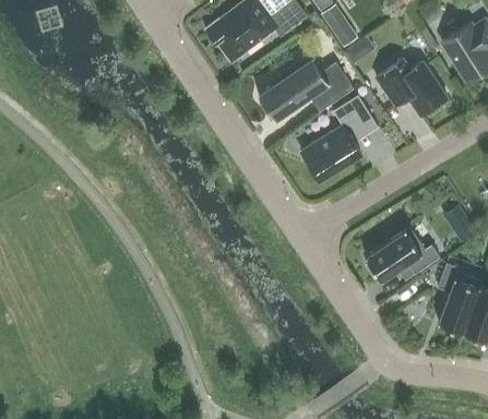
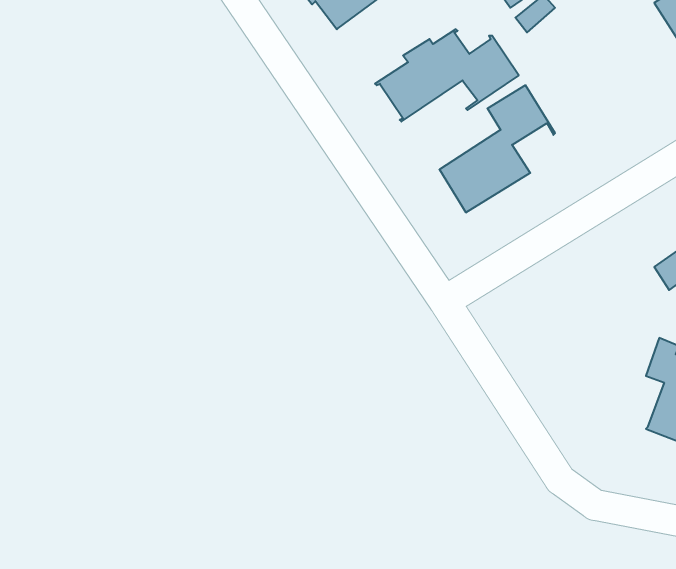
building: [377,59,447,115] -> none
building: [365,227,439,280] -> none

